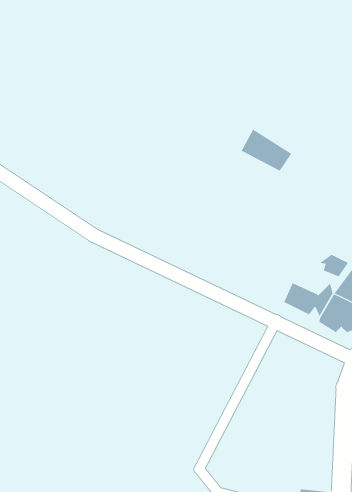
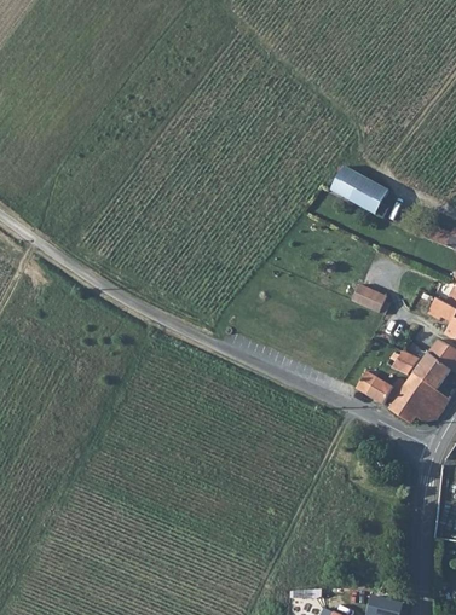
building: [241,129,292,171] -> [329,167,386,214]
building: none -> [351,284,386,313]

